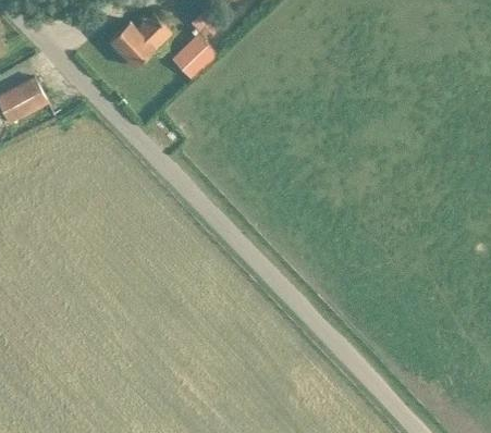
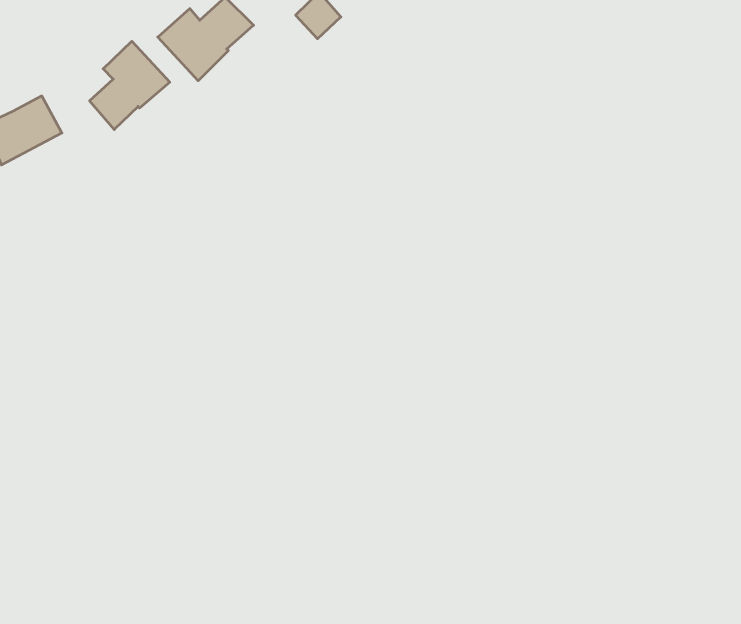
building: [172,35,217,79] -> none
building: none -> [90,41,170,130]

